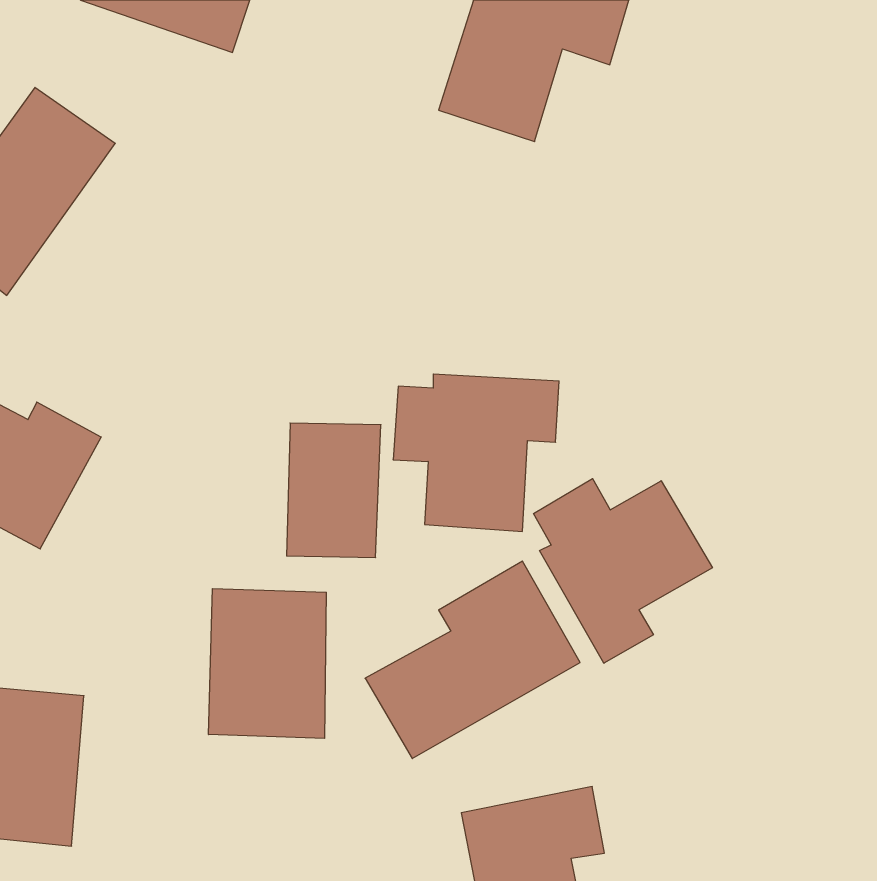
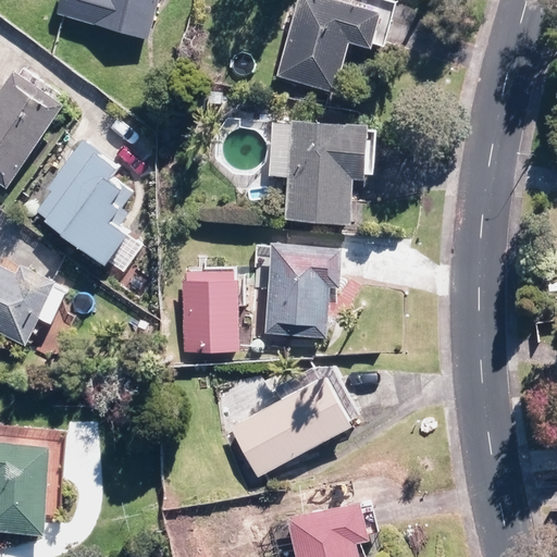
building: none -> [267,114,373,223]
building: none -> [34,144,139,267]
building: [534,479,712,663] -> none
building: [209,589,326,738] -> none

